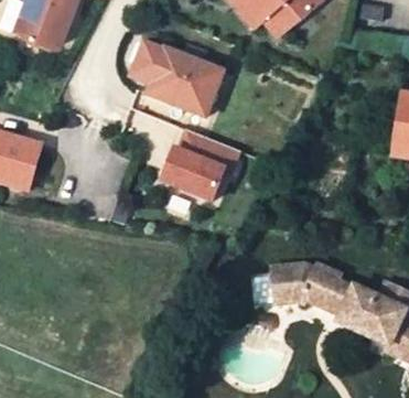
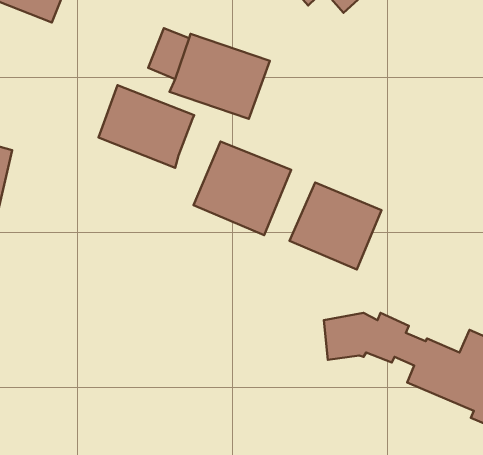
building: none -> [98,85,194,168]
building: none -> [289,183,382,269]

